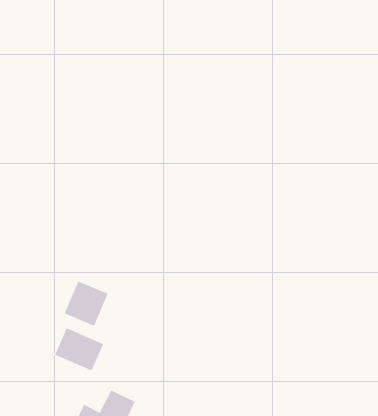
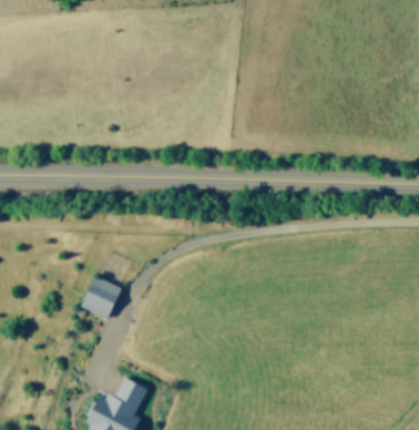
building: [55,328,104,371] -> none

